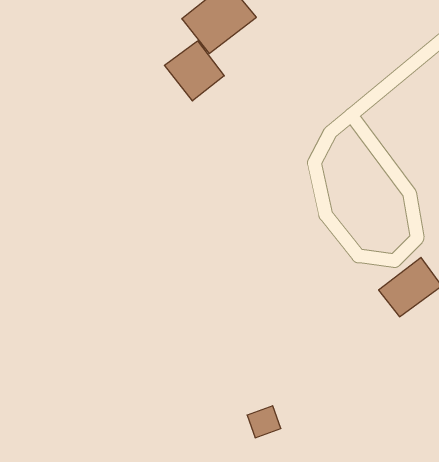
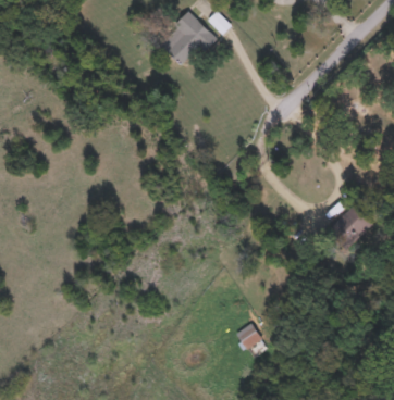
building: [164,41,224,101] -> none

